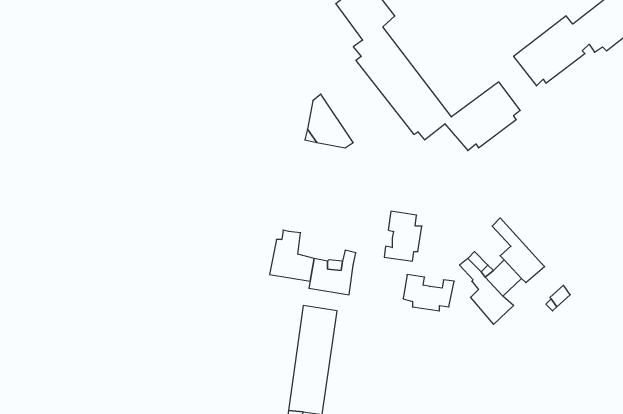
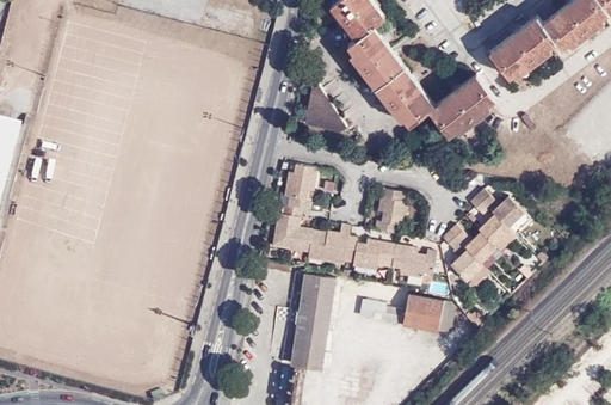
building: none -> [285,165,317,210]
building: none -> [477,190,531,237]
building: none -> [344,238,395,270]
building: none -> [401,295,453,335]

